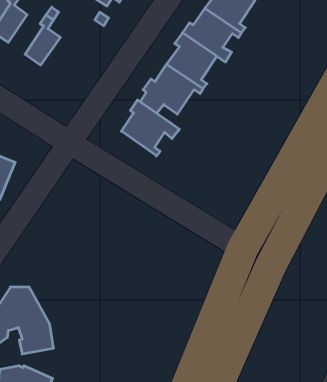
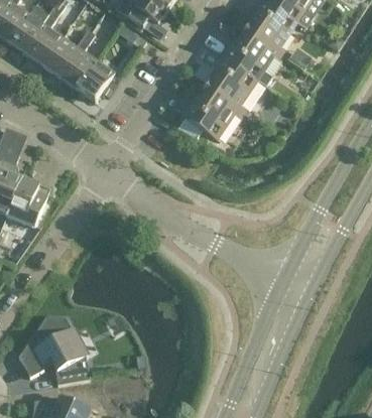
building: none -> [43,36,80,77]
building: none -> [77,59,115,100]
building: [121,100,179,156] -> none

